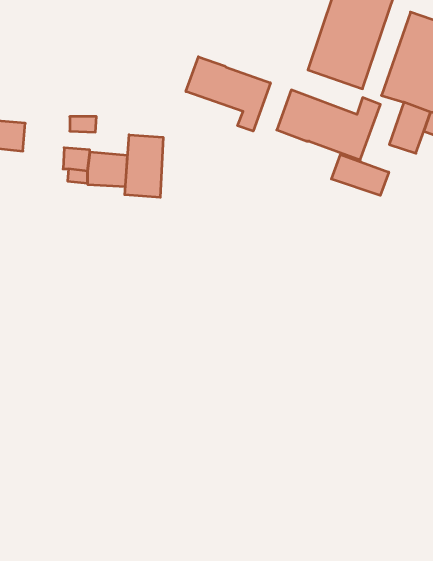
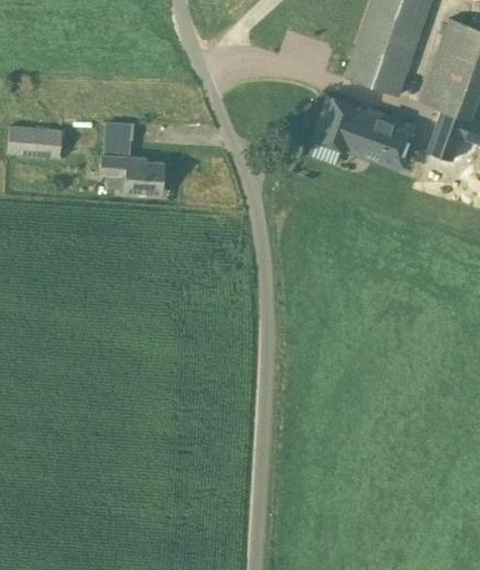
building: [186,57,270,131] -> none
building: [125,135,163,197] -> none
building: [331,155,389,195] -> none

